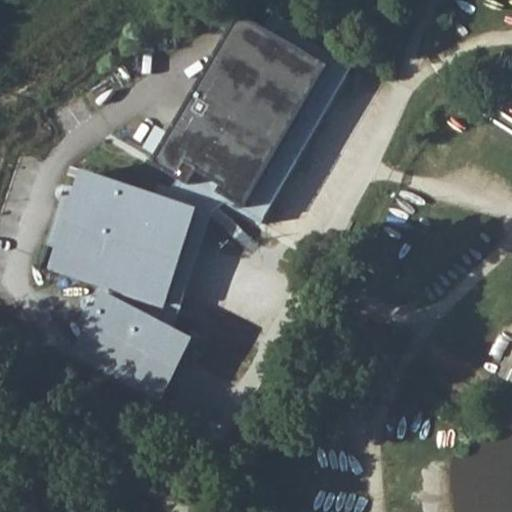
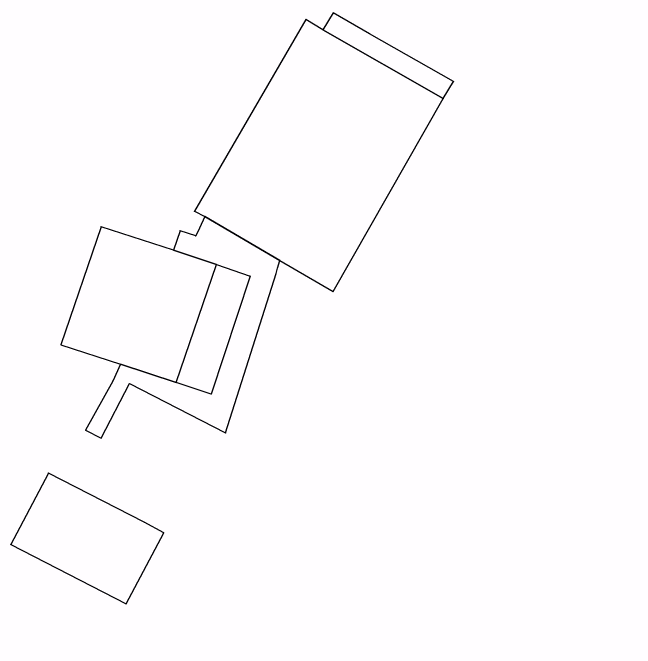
building: [136,205,193,305] -> none
building: [71,297,189,398] -> [11,473,164,604]

